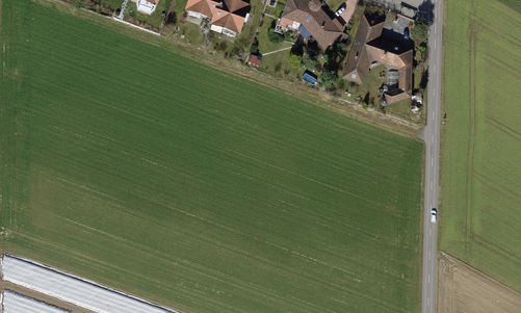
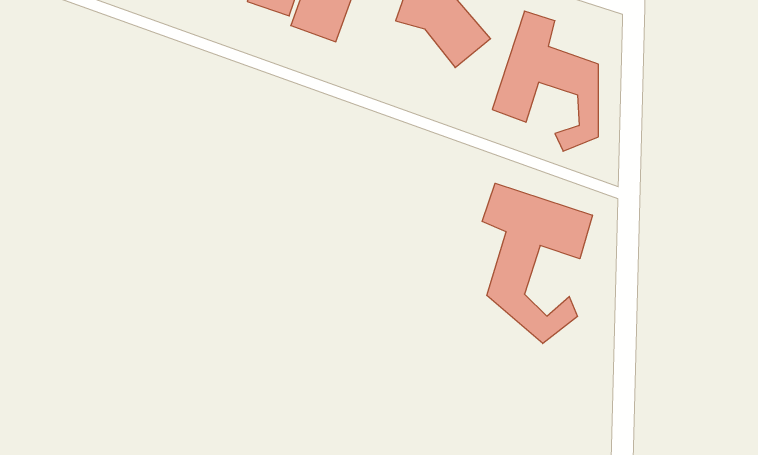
building: none -> [482,183,592,344]

